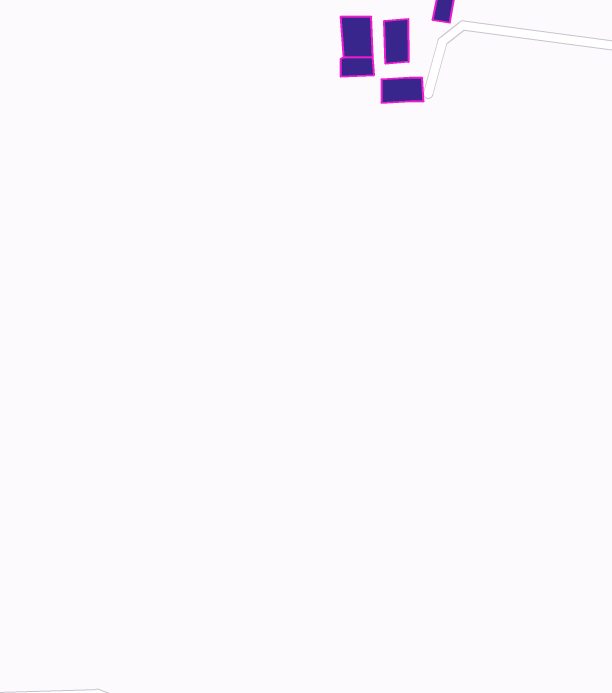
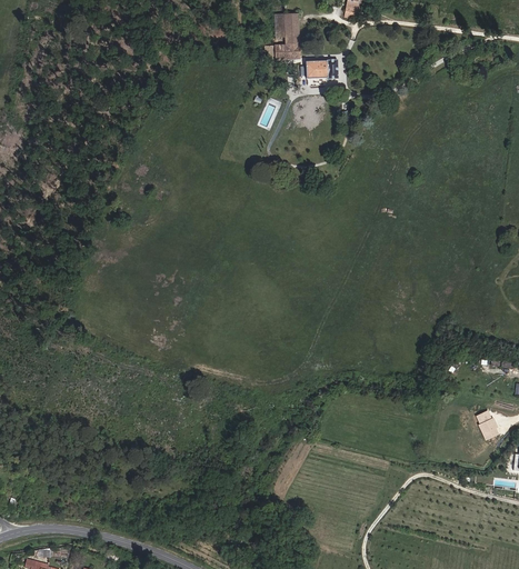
building: [384,19,409,64] -> none

